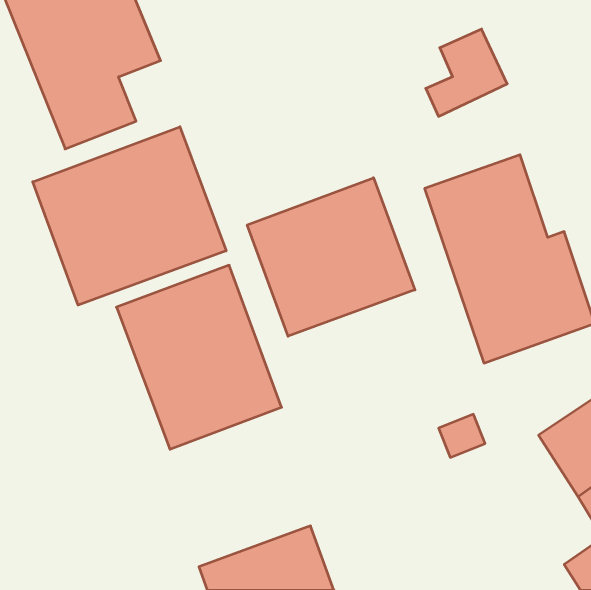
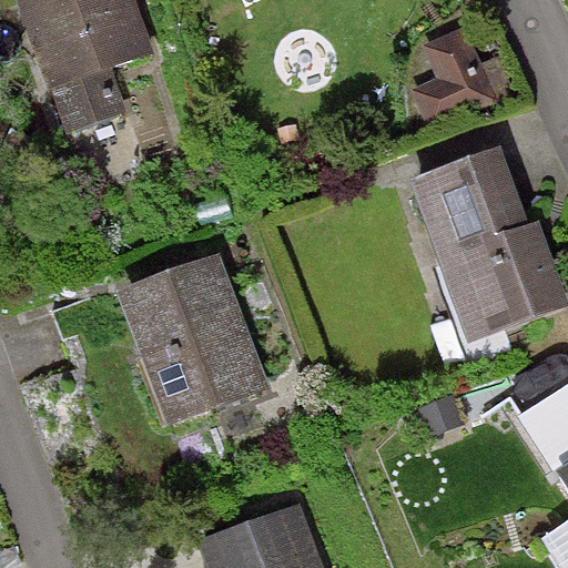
building: [33,127,226,305] -> none
building: [247,178,415,336] -> none

